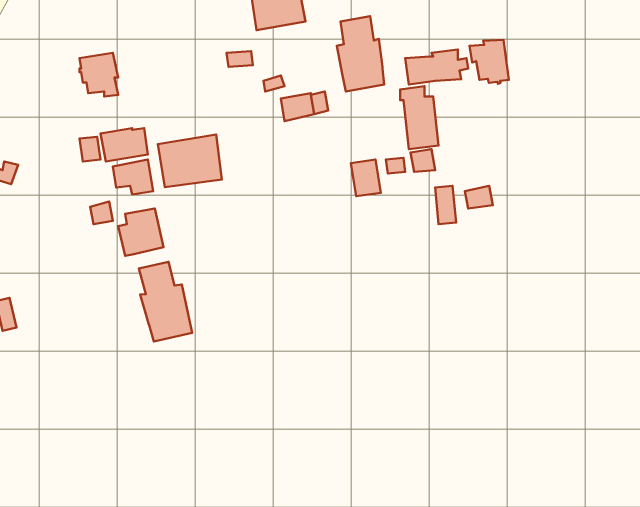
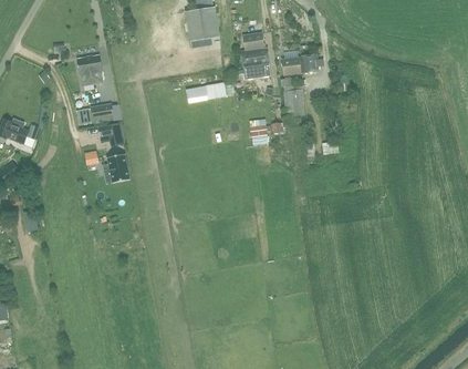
building: [470,40,509,84] -> none
building: [158,135,222,187] -> none
building: [139,262,192,341] -> none

